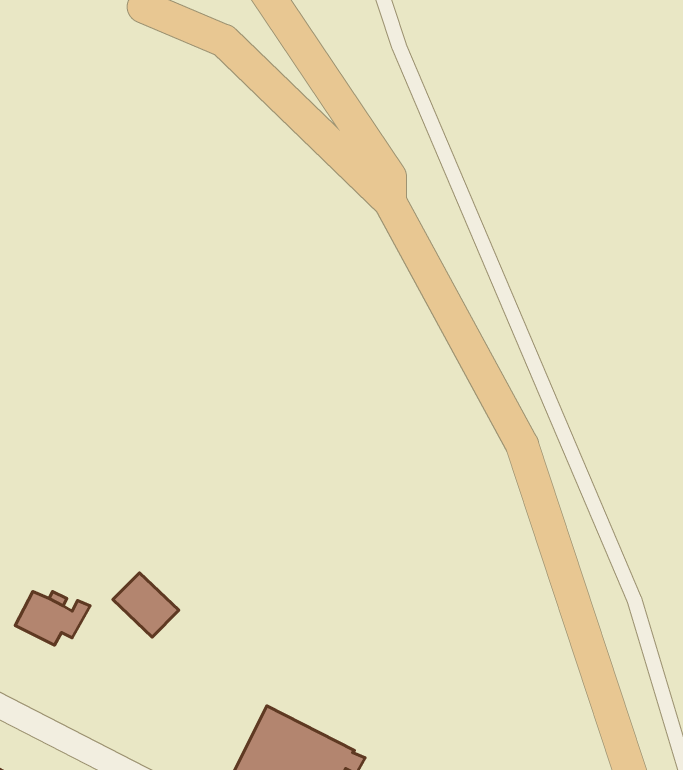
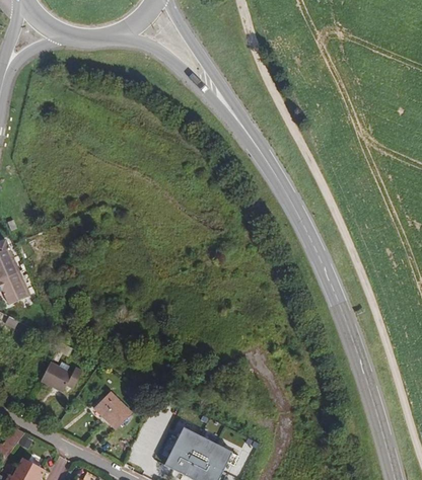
building: [113,573,179,637] -> [93,393,131,429]

